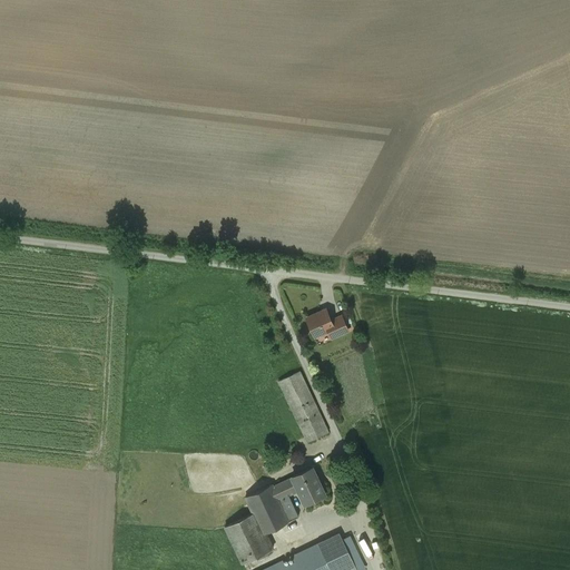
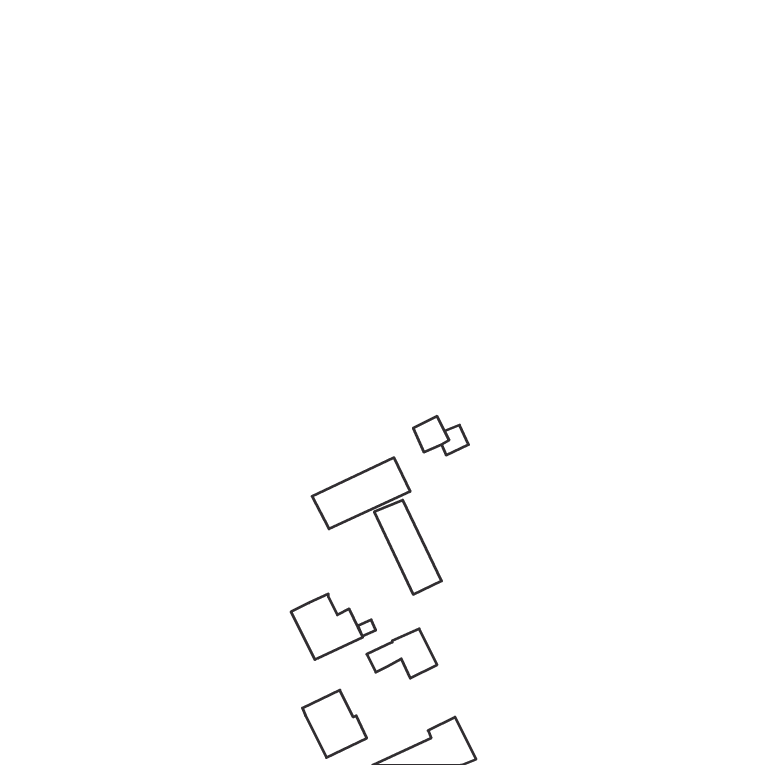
building: none -> [312,458,410,529]
building: [245,484,298,533] -> [291,594,363,660]

